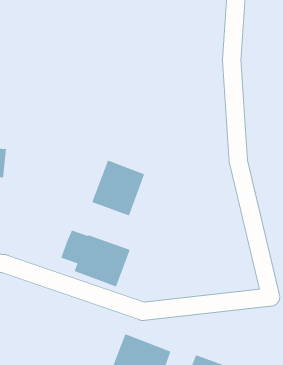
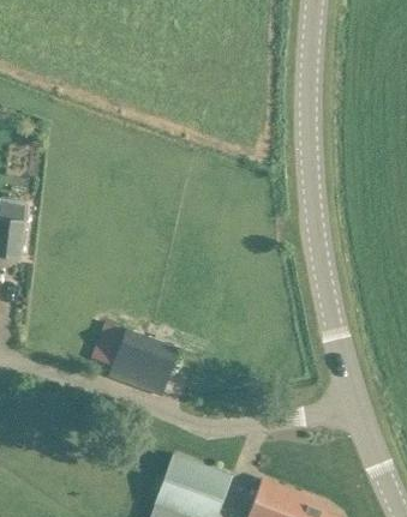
building: [91,159,145,217] -> none

